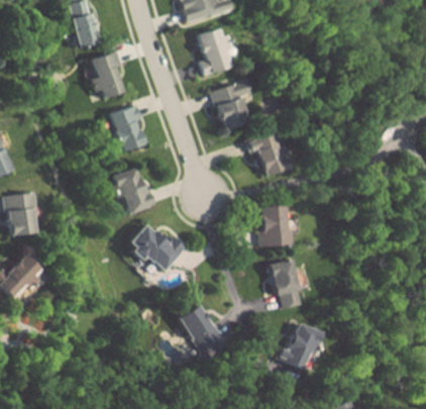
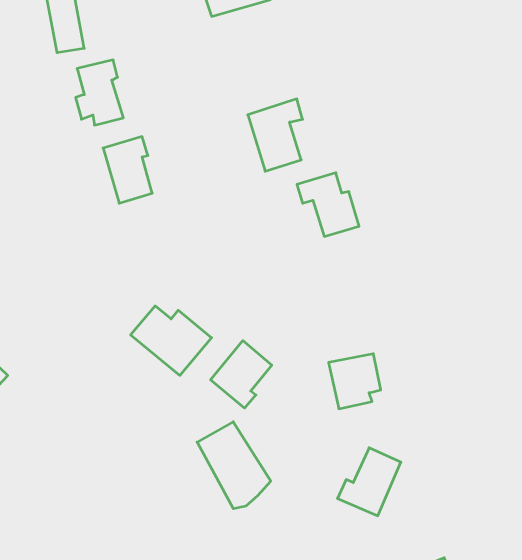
building: [197,28,230,77] -> none
building: [116,168,151,214] -> none
building: [260,205,290,246] -> none
building: none -> [211,341,272,408]

